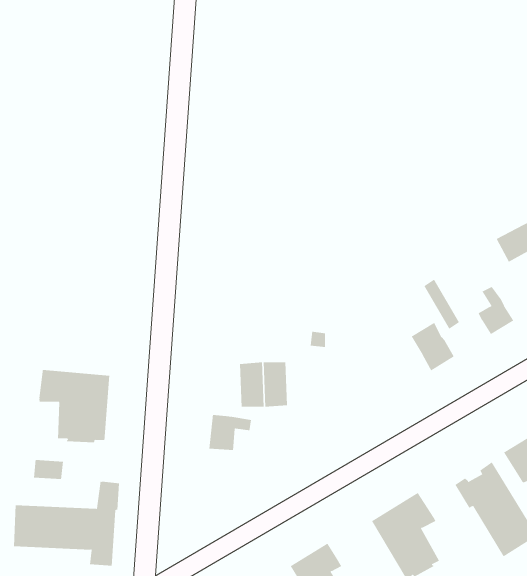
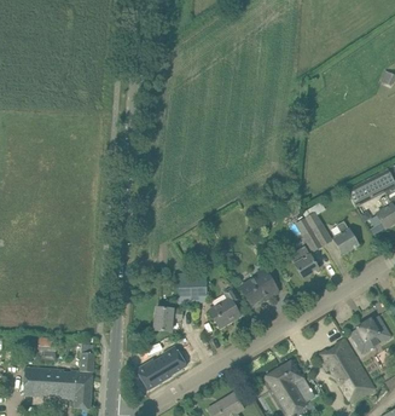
building: none -> [302,201,331,245]
building: none -> [239,271,279,305]
building: [39,369,110,443] -> none
building: none -> [209,285,242,328]
building: none -> [136,343,188,387]

